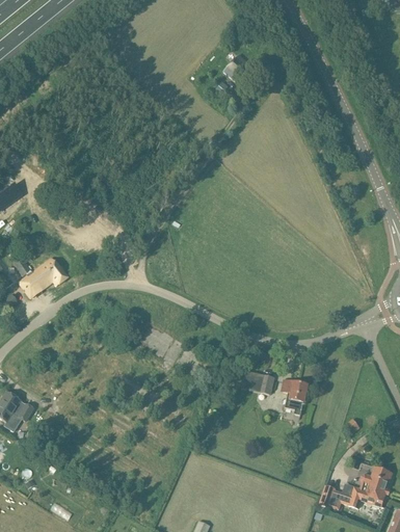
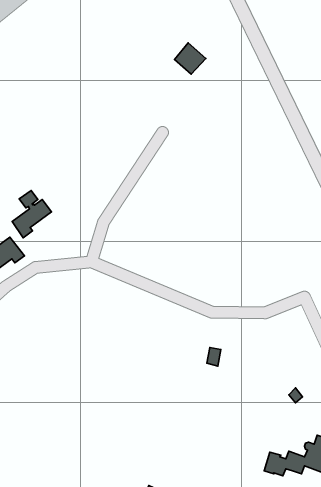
building: none -> [12,190,51,238]
building: [282,378,306,408] -> none

